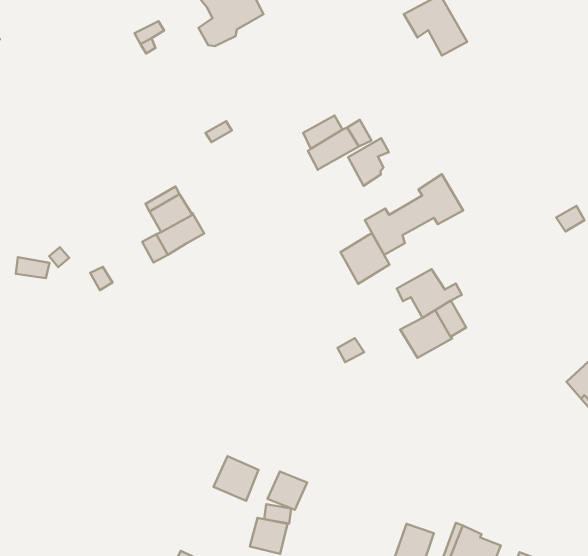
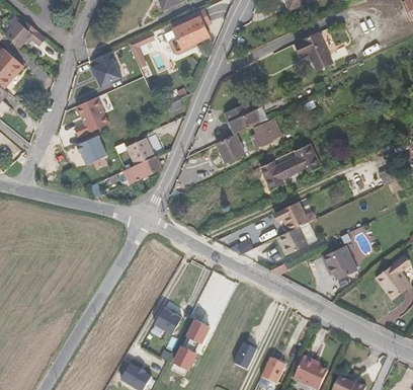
building: none -> [91,49,121,85]
building: none -> [76,94,110,135]
building: none -> [76,134,106,163]
building: [341,233,389,284] -> [216,133,245,163]
building: none -> [321,244,357,280]
building: none -> [233,341,258,369]

